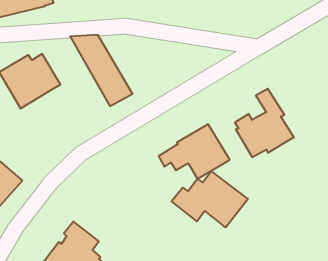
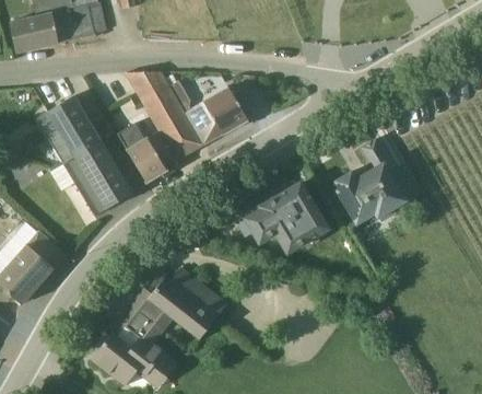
building: none -> [165,73,247,144]
building: none -> [117,123,176,181]
building: none -> [49,140,132,216]
building: [172,171,248,227] -> [130,267,226,338]

